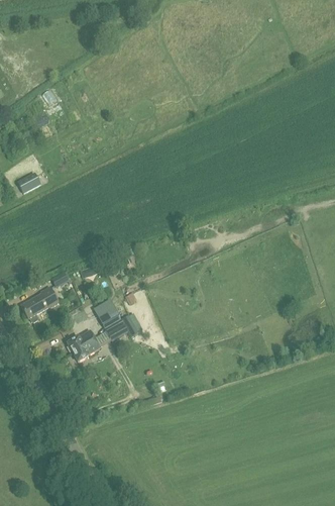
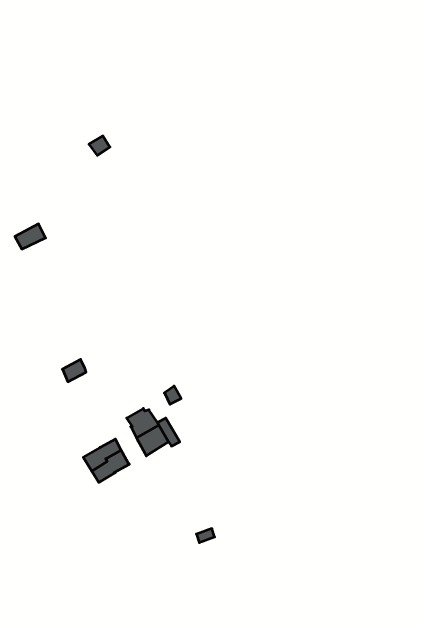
building: [21,285,59,317] -> none

